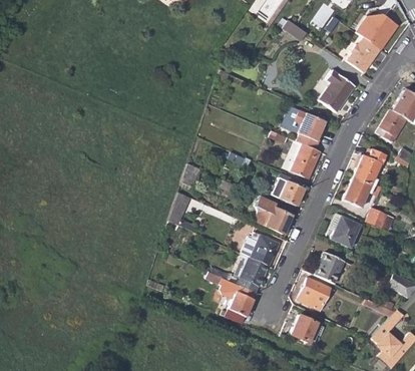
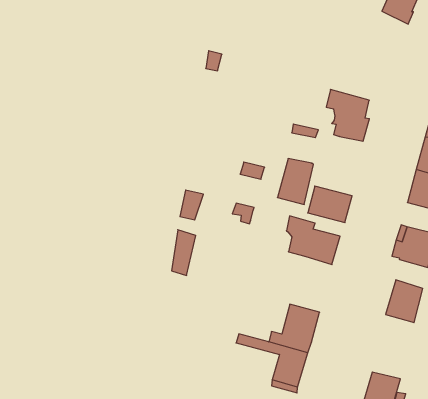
building: [319,70,354,112] -> none
building: [291,144,320,178] -> [277,159,313,204]
building: [244,232,279,266] -> none
building: [298,277,330,310] -> none

